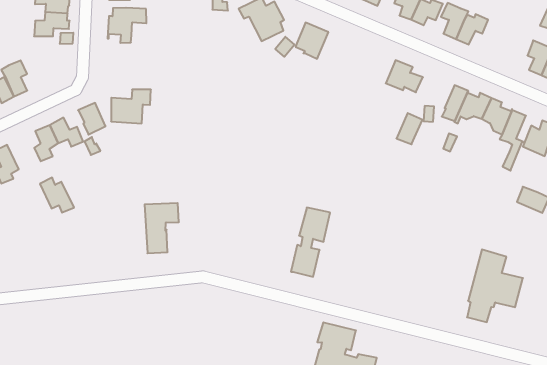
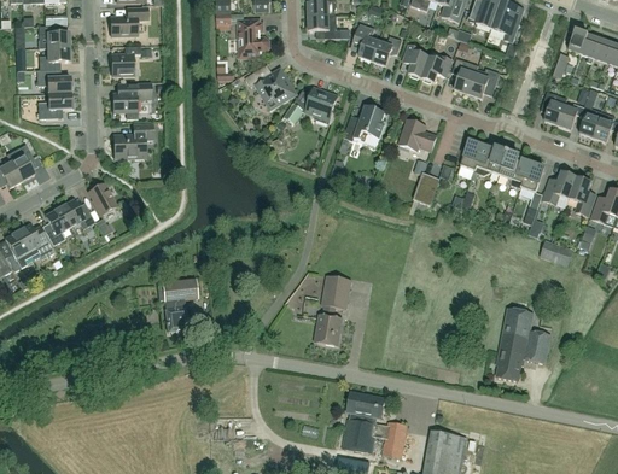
building: none -> [344,105,385,141]
building: [111,90,151,123] -> [113,123,153,158]
building: [40,178,74,213] -> [18,223,54,258]

